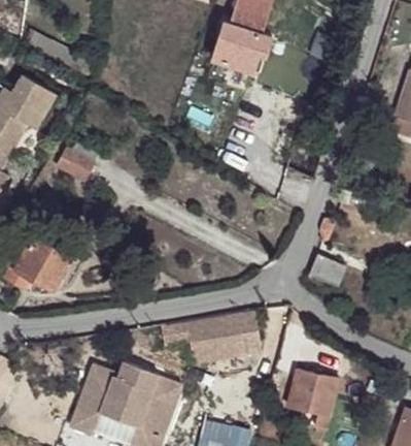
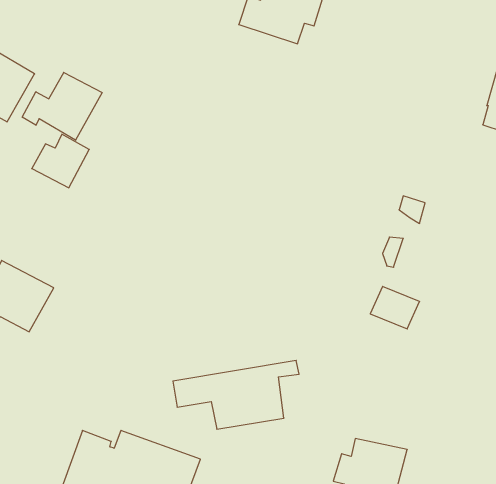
building: none -> [22,72,102,140]

